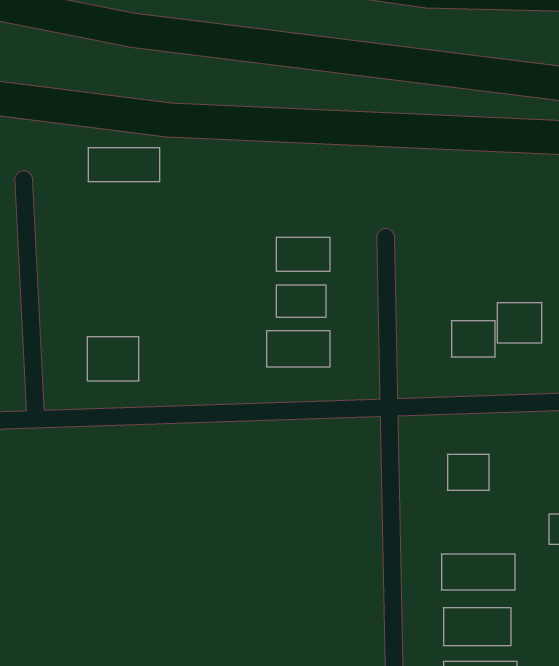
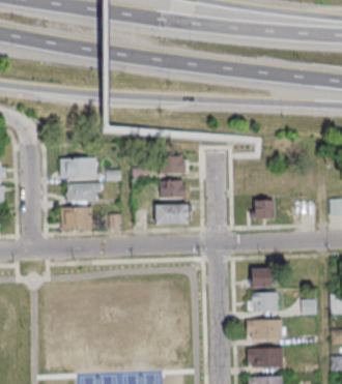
building: [88,148,160,182] -> [60,159,97,177]
building: none -> [66,183,101,202]
building: [497,302,542,343] -> none
building: none -> [249,293,279,313]

